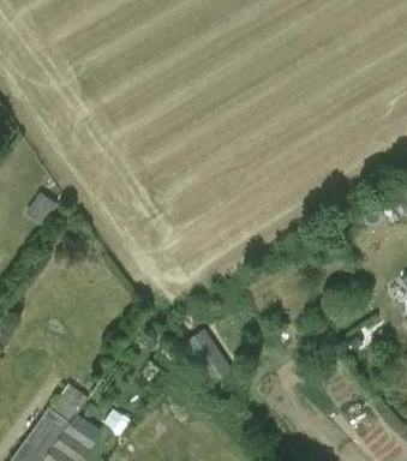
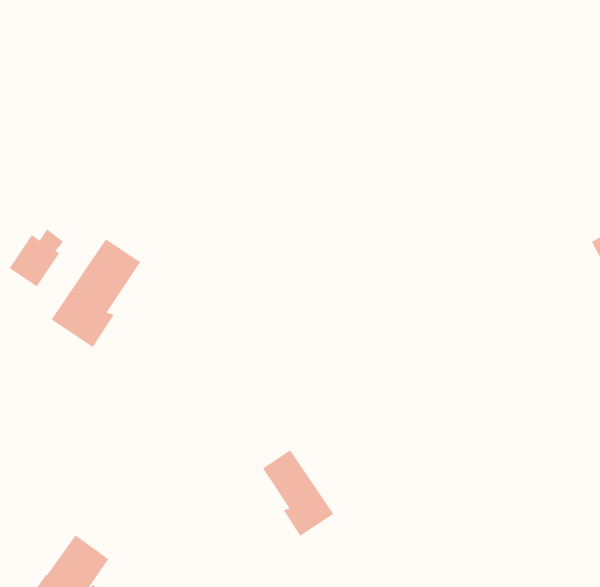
building: none -> [51,238,141,348]

